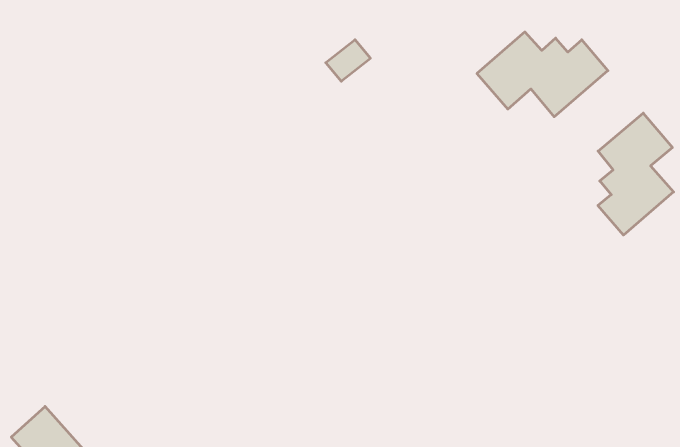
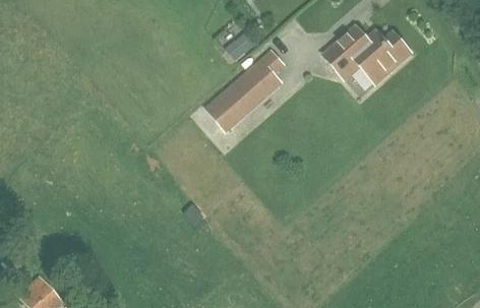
building: none -> [205,52,283,128]
building: [598,113,674,235] -> none

